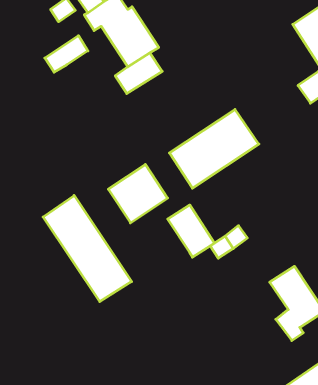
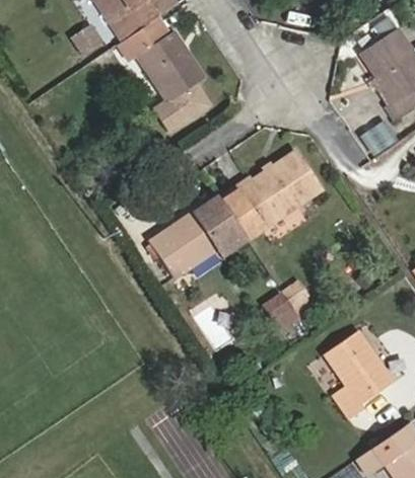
building: [45,36,88,72] -> none
building: [43,195,132,302] -> none
building: [168,205,215,257] -> [190,196,244,256]

